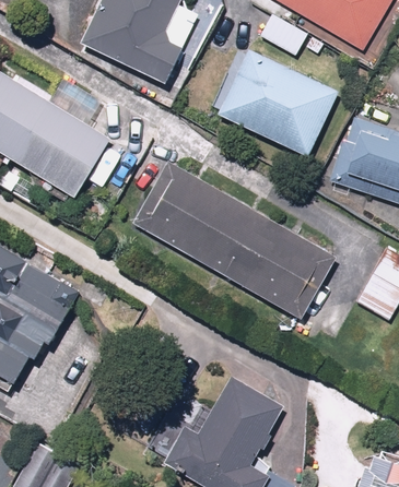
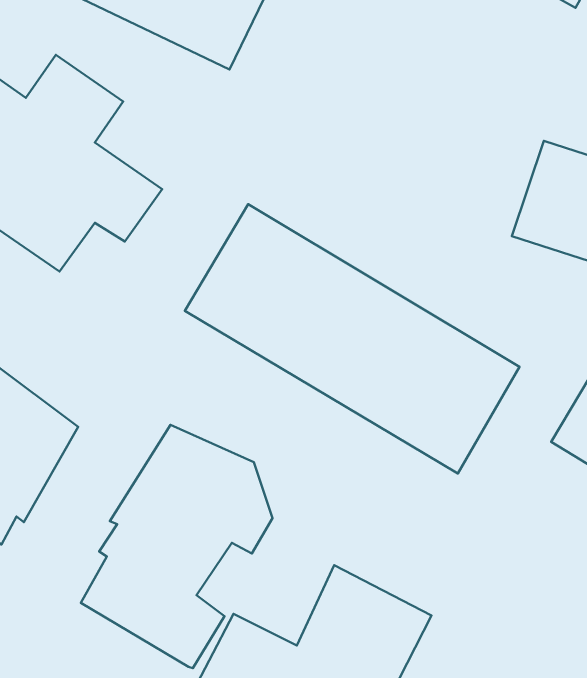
building: [218,49,340,157] -> none
building: none -> [81,425,273,668]

